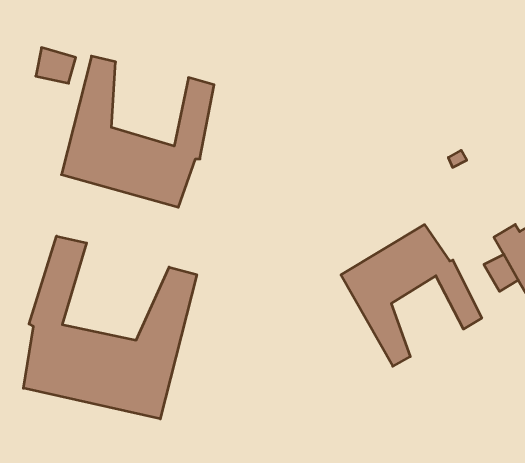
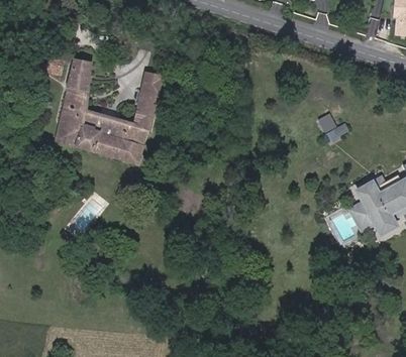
building: [341,225,482,366] -> none
building: [23,236,197,419] -> none

